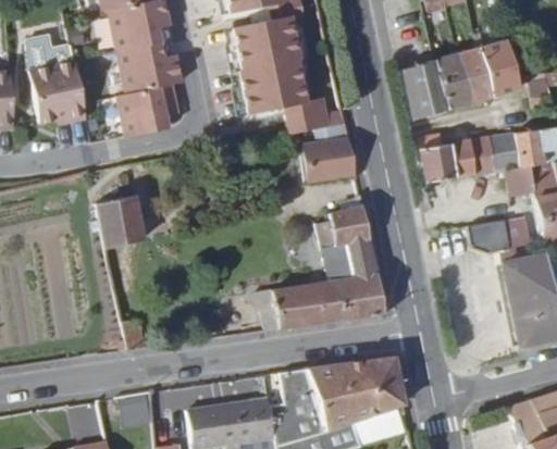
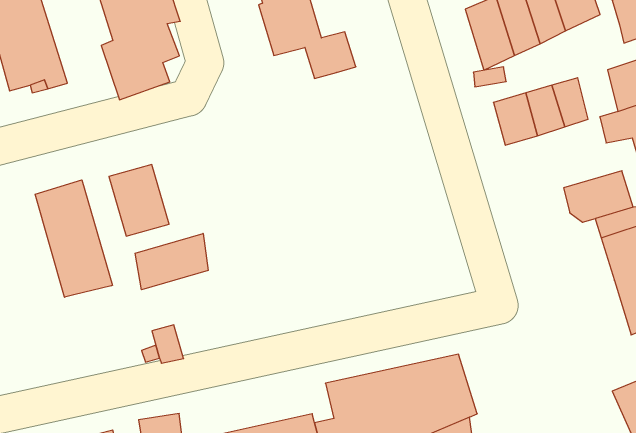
building: [292,115,349,179] -> none
building: [503,139,533,178] -> none
building: none -> [35,180,112,297]
building: [261,199,377,330] -> none
building: none -> [135,233,208,290]

